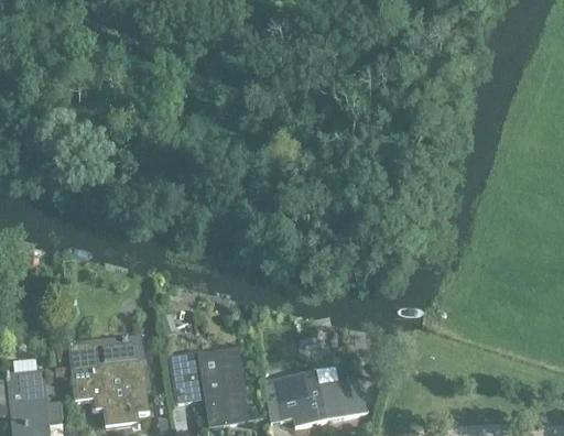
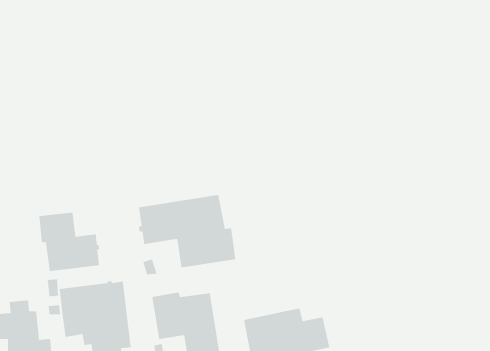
building: none -> [139,194,236,268]
building: none -> [39,212,99,272]

